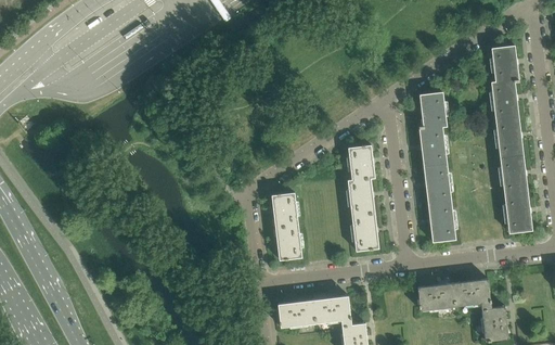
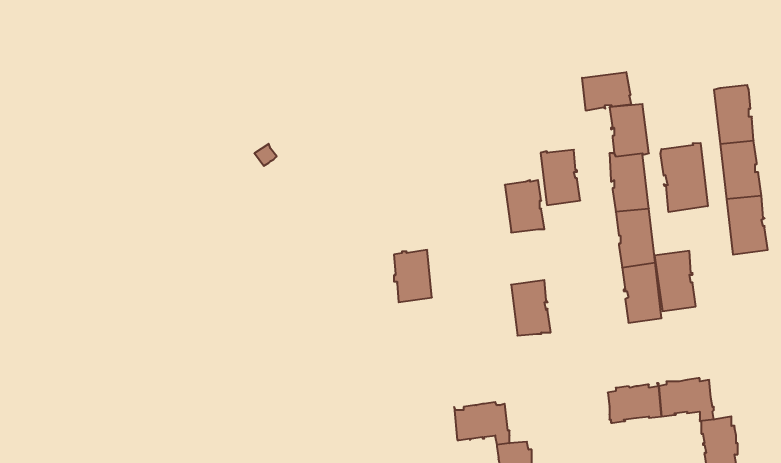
building: [491,46,519,82] -> none
building: none -> [582,72,631,111]
building: none -> [661,143,708,212]
building: [348,178,375,216] -> [541,150,580,205]
building: [504,192,532,233] -> [655,251,696,311]
building: [275,225,302,260] -> none
building: [279,299,315,327] -> none

